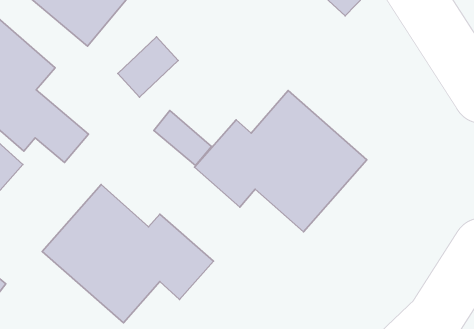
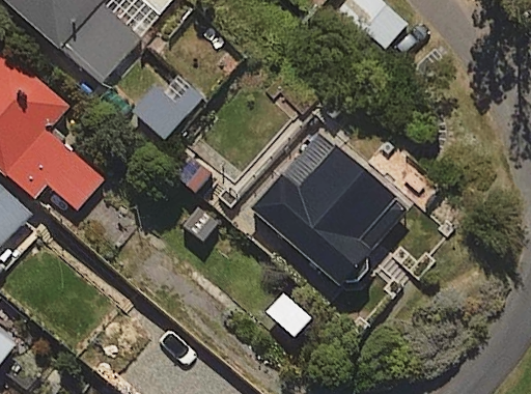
building: [42,185,213,323] -> none

